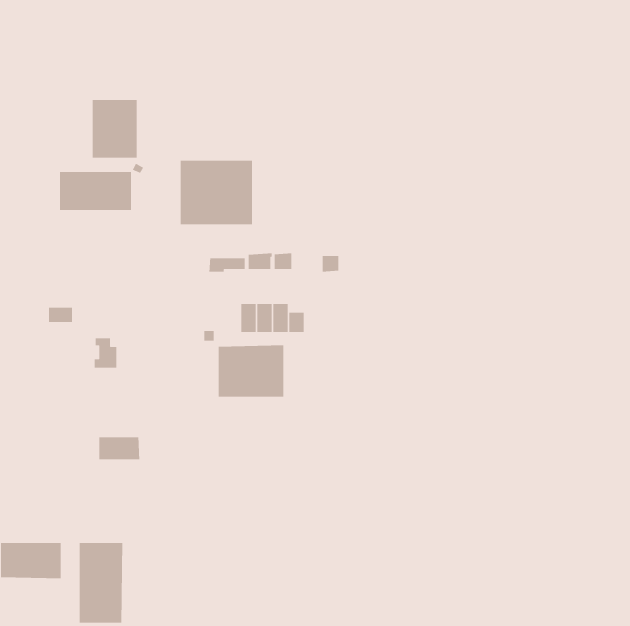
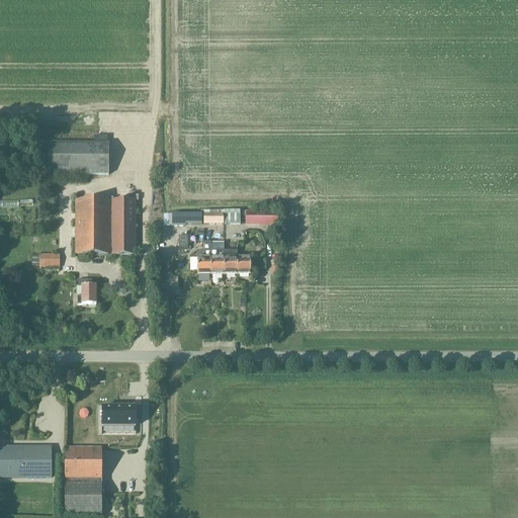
building: [92,99,138,159] -> none
building: [180,160,253,225] -> [75,198,135,252]
building: [218,345,284,397] -> none
building: [98,437,140,460] -> [101,405,136,424]

